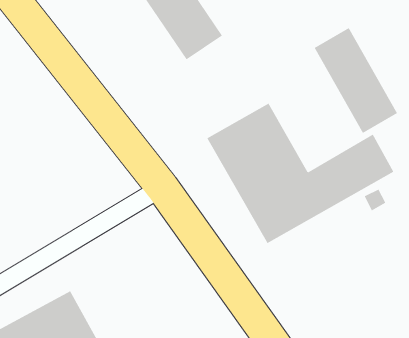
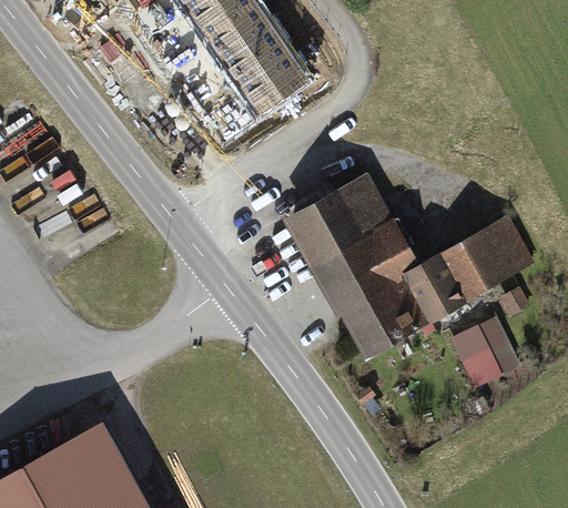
building: [314,27,398,134] -> none
building: none -> [449,315,520,386]

